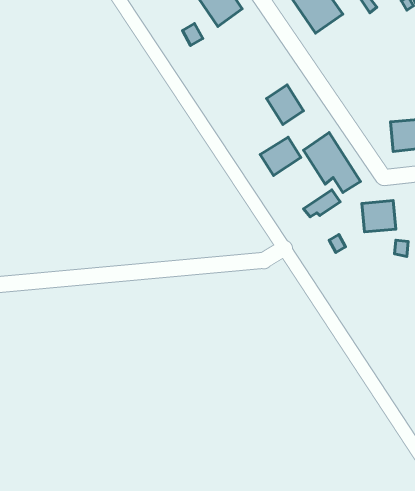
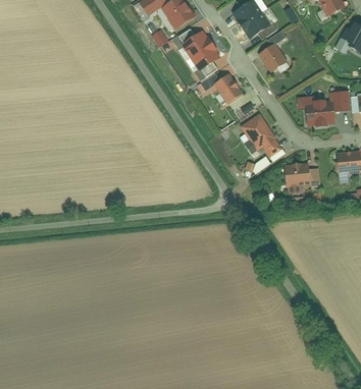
building: none -> [182,33,219,72]
building: none -> [259,42,288,70]
building: [260,137,301,175] -> none

